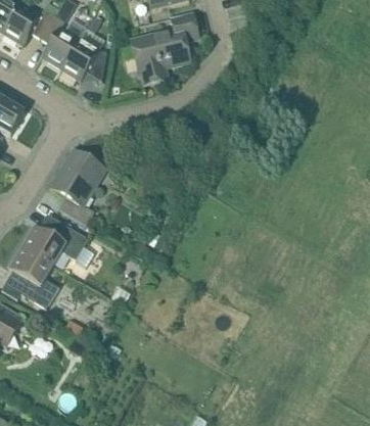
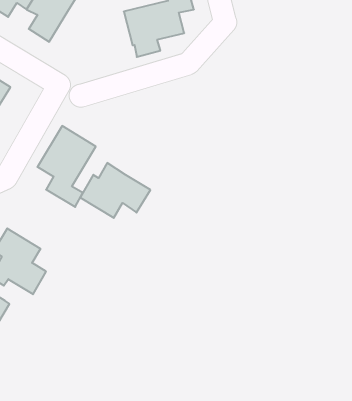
building: [61,38,106,81] -> none
building: [21,212,88,265] -> [80,163,150,218]

